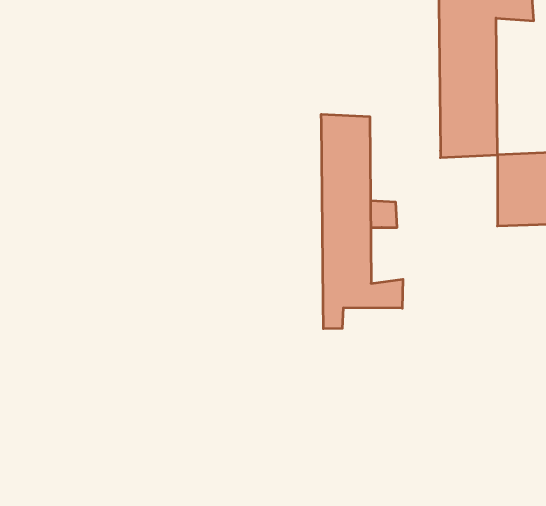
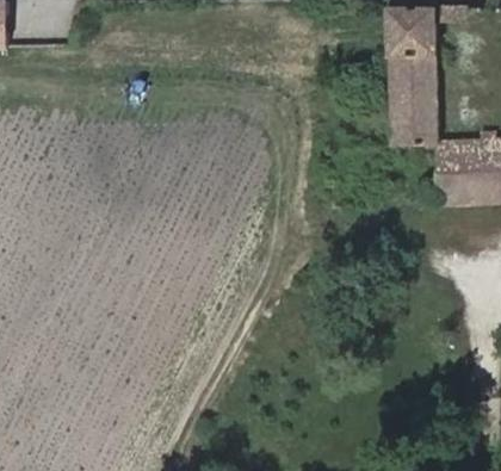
building: [321,114,403,329] -> none

